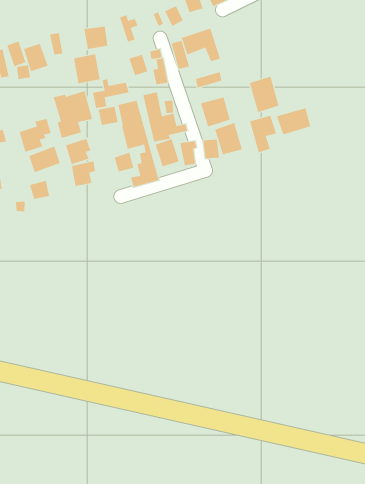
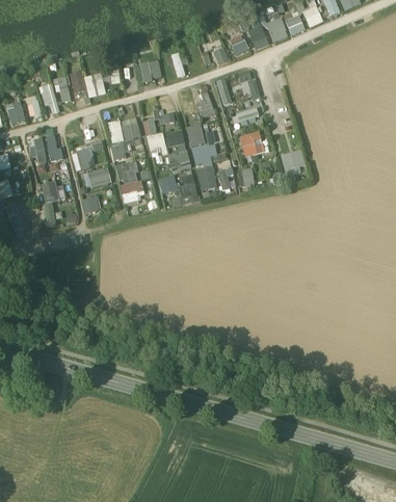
building: [73,53,100,84] -> none
building: [249,76,279,113] -> none
building: [276,107,311,135] -> none
building: [214,122,242,155] -> none

